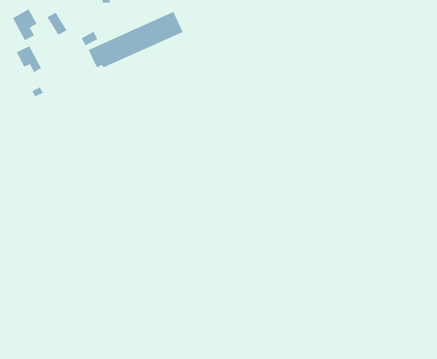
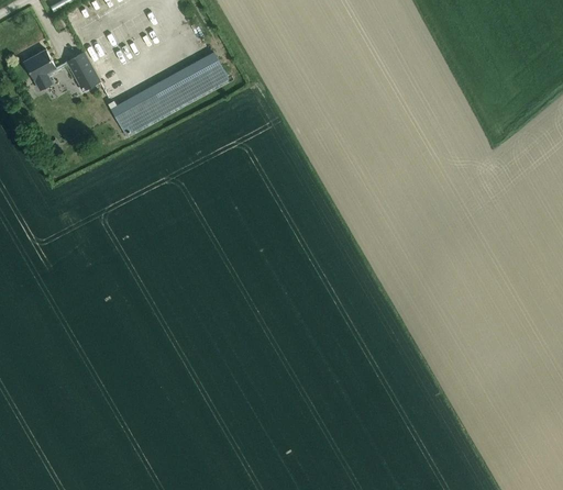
building: [16,45,42,73] -> none

